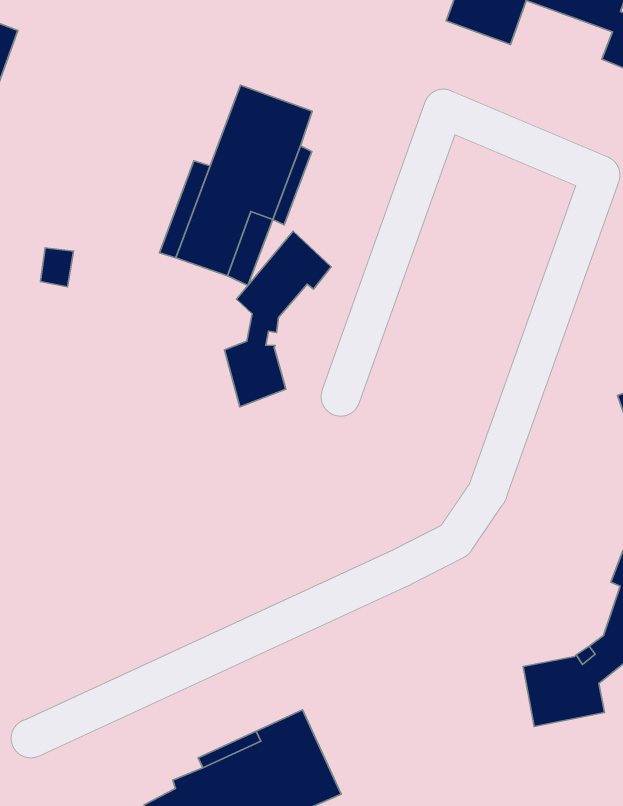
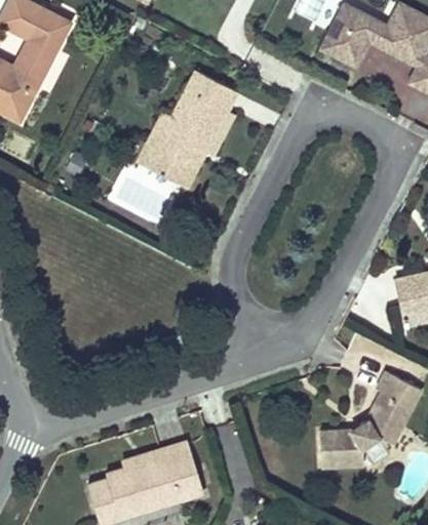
building: [224,231,331,407] -> none

